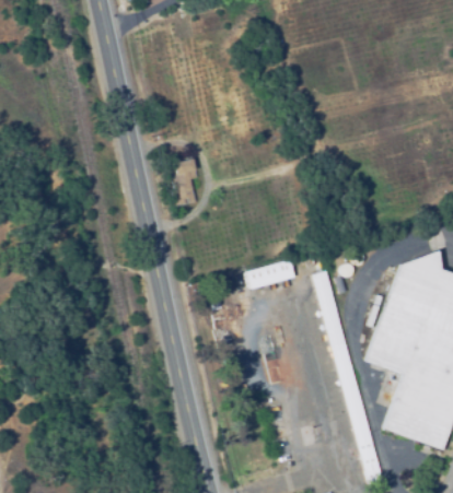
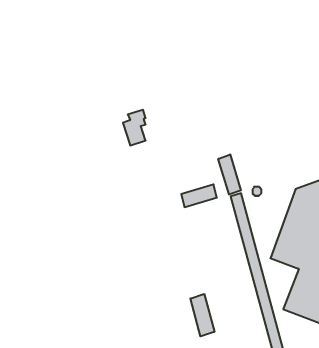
building: none -> [218,154,241,195]
building: none -> [190,294,214,336]

